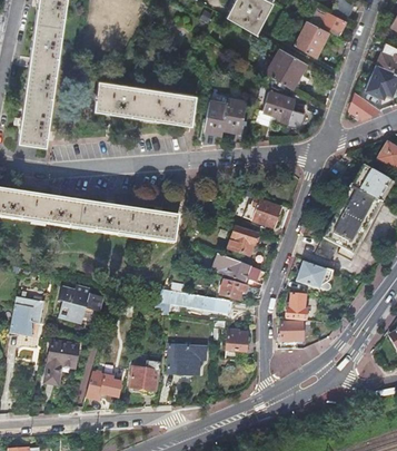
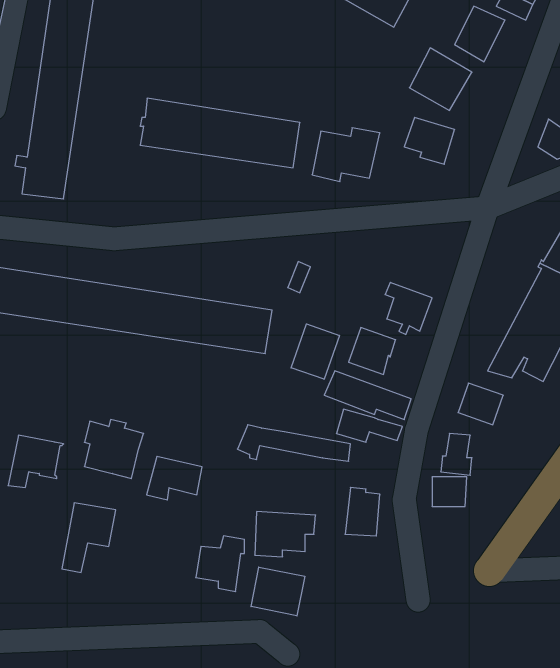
building: none -> [291,324,339,379]
building: [87,372,122,400] -> [147,456,202,500]
building: none -> [251,567,305,616]

